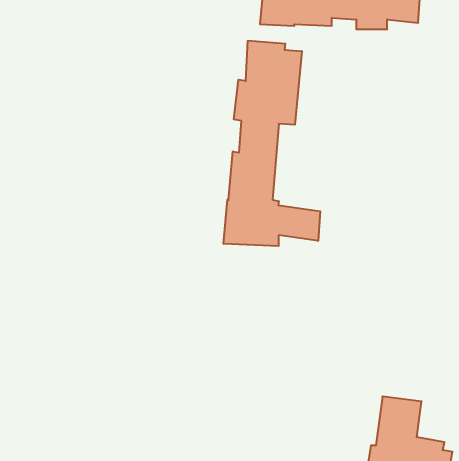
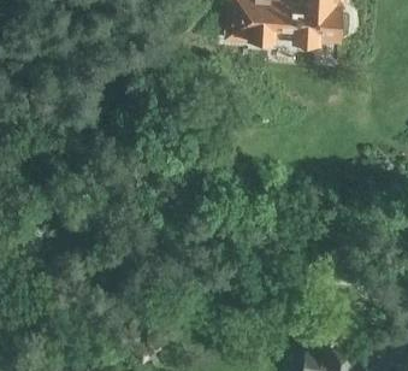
building: [224,41,320,246] -> none

